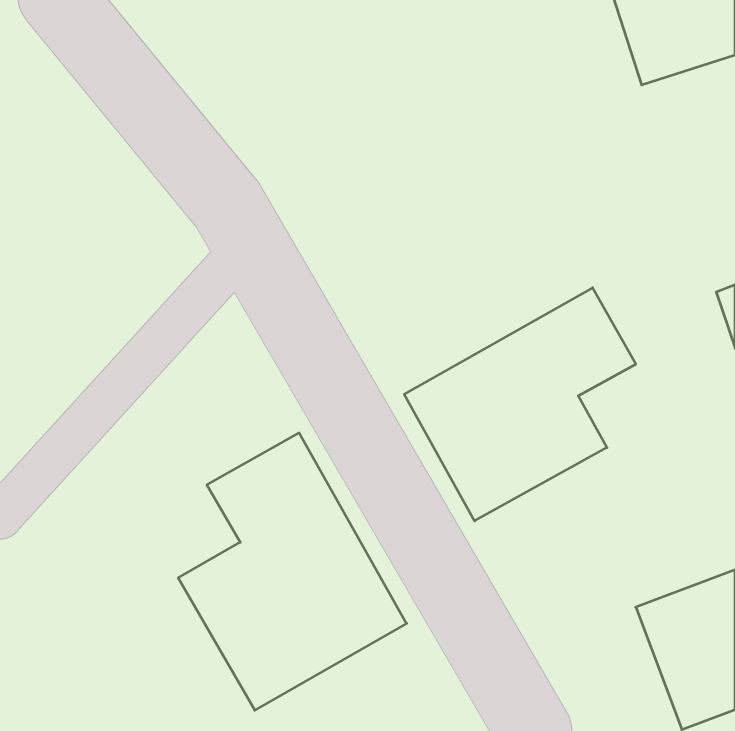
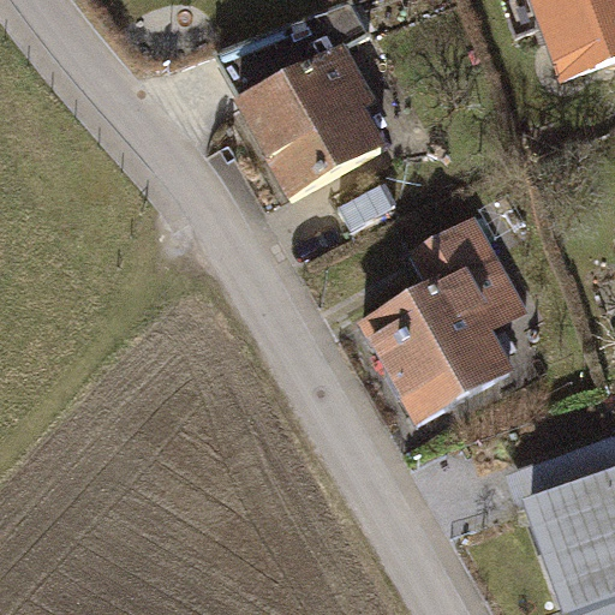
building: none -> [227,5,388,193]
building: [178,433,407,710] -> none

